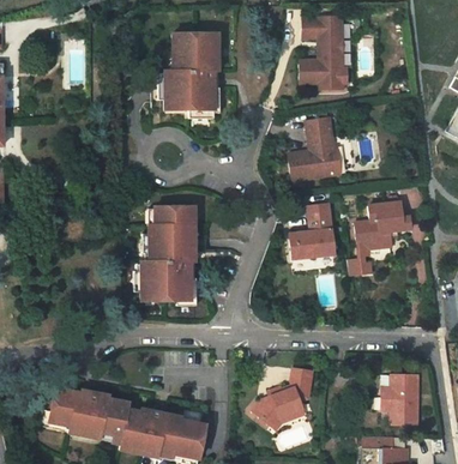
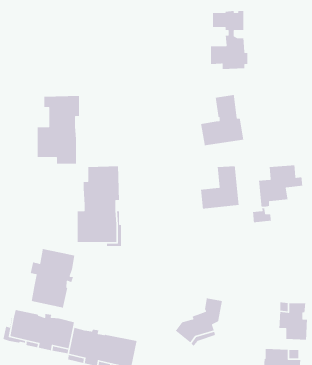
building: [156,34,209,119] -> [37,95,80,165]
building: none -> [30,248,75,308]

